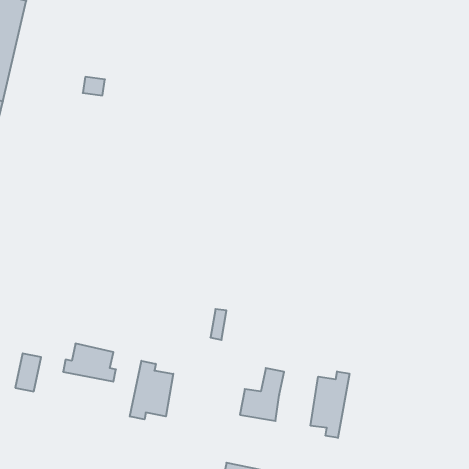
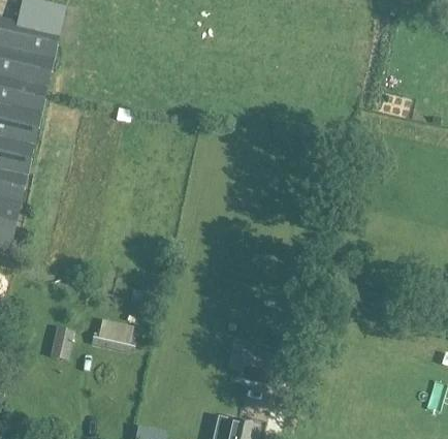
building: [130,361,173,419] -> none
building: [311,371,349,438] -> none

